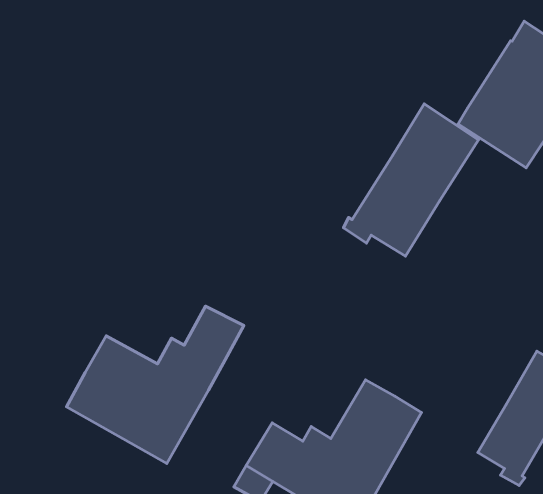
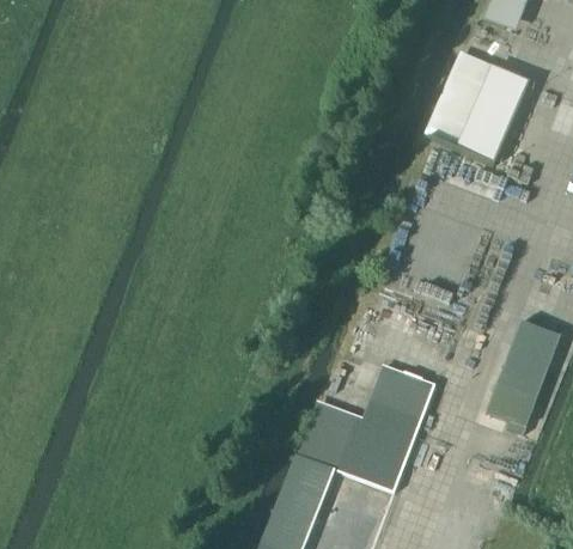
building: [344,104,479,256] -> none
building: [67,306,244,464] -> none

